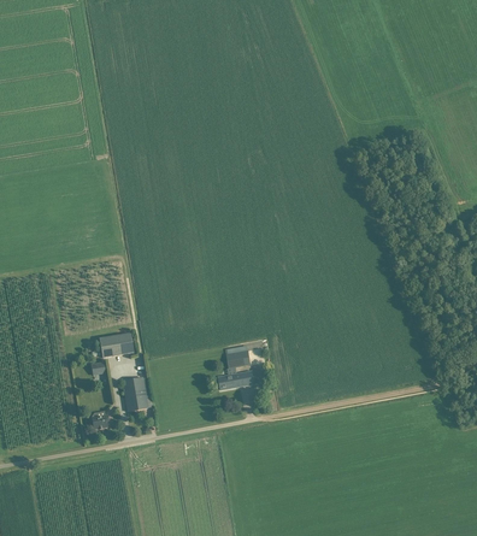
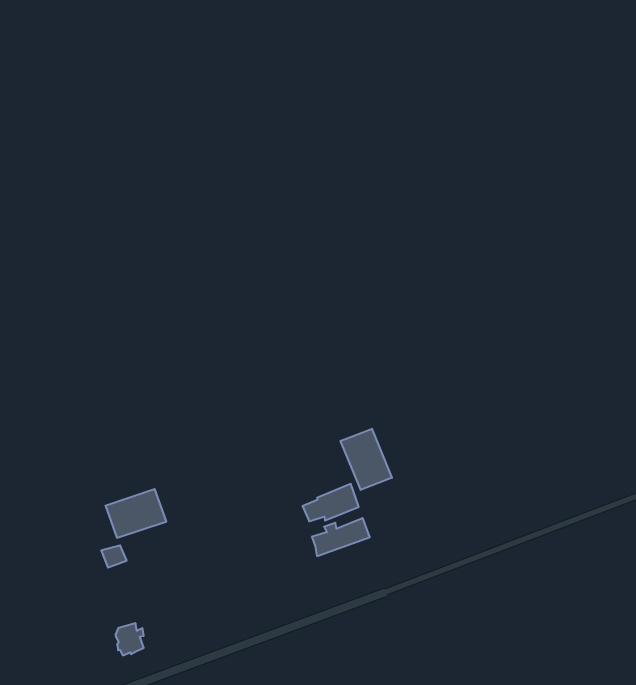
building: none -> [341,429,392,490]
building: [123,377,148,411] -> none

